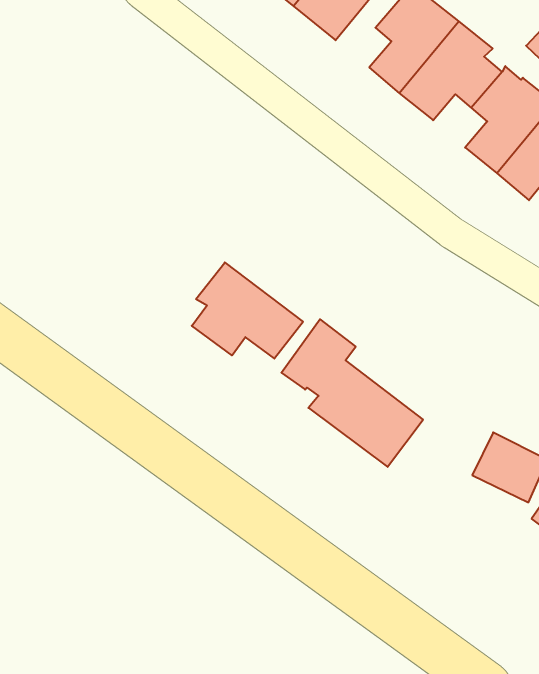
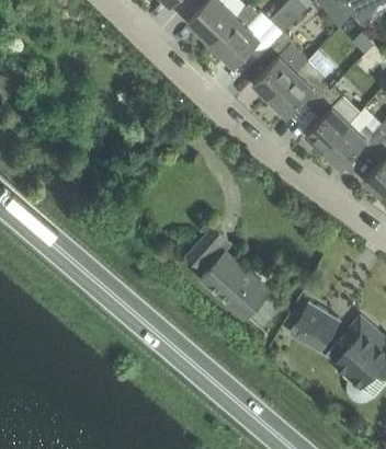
building: [192,262,303,359] -> none

